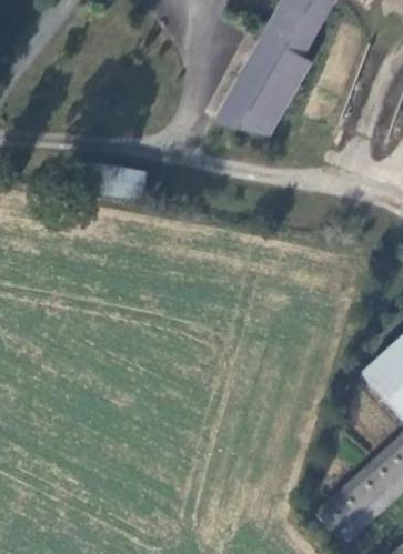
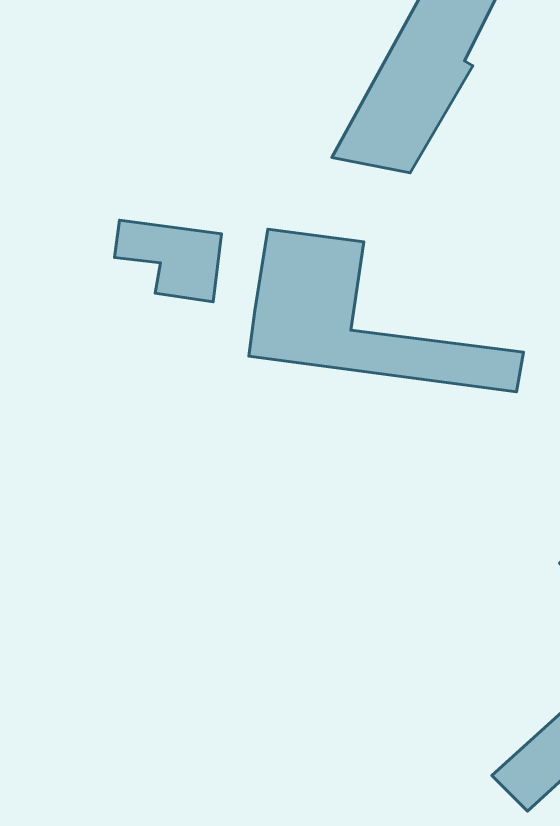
building: none -> [249,229,524,392]

